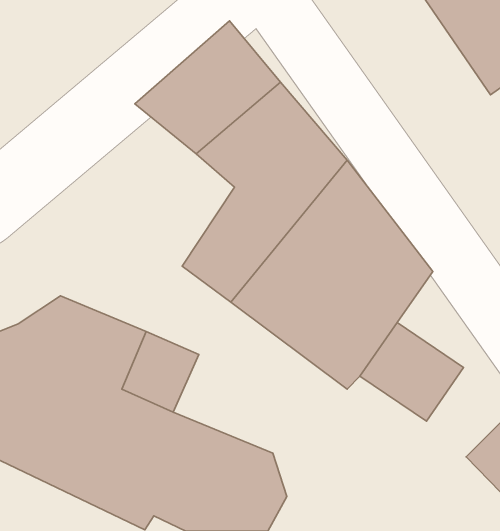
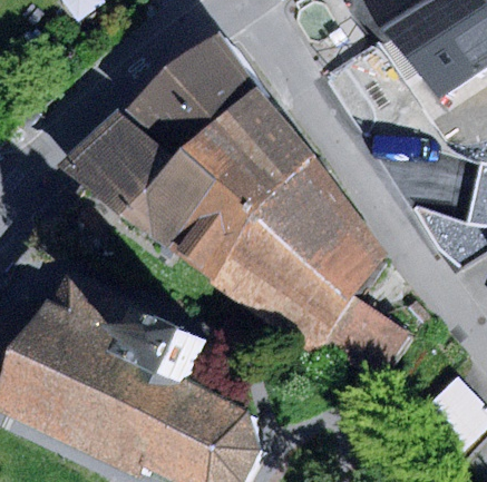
building: none -> [56,112,216,249]

